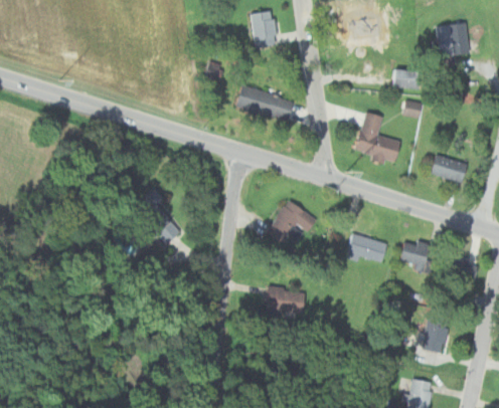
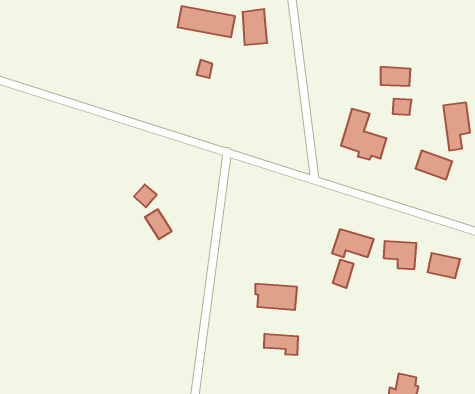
building: [432,24,459,72] -> [443,103,470,150]
building: [239,88,298,120] -> [177,6,235,37]
building: [268,200,319,244] -> none
building: none -> [333,260,353,288]
building: [422,311,448,353] -> none
building: none -> [264,334,298,355]

